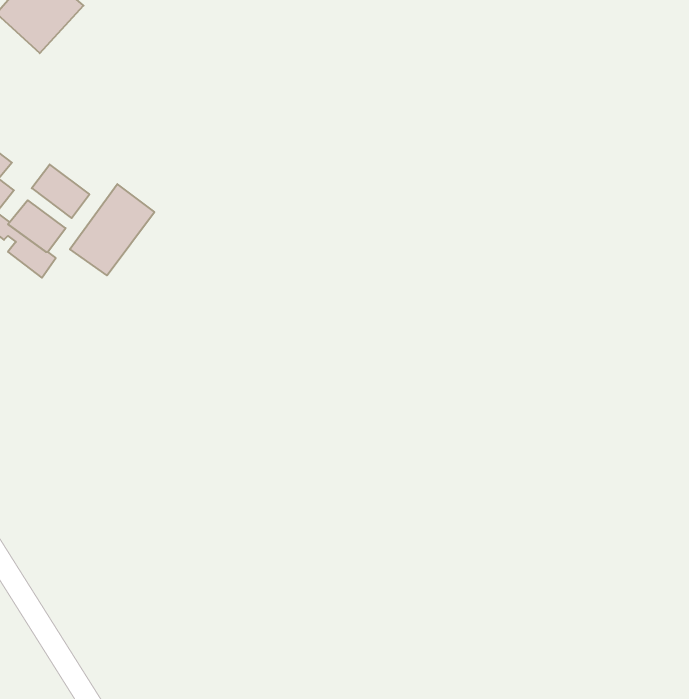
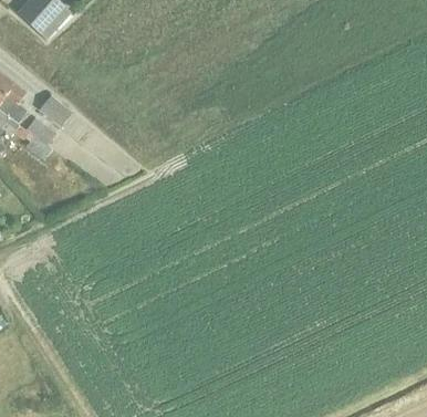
building: [70,184,154,275] -> none

